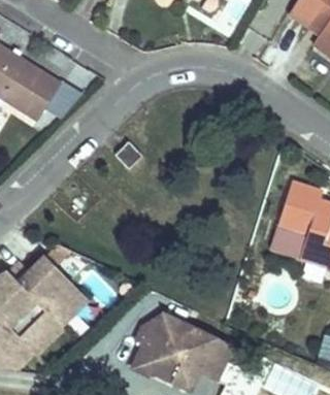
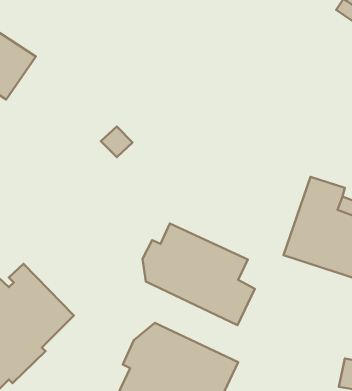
building: none -> [143,224,255,325]

